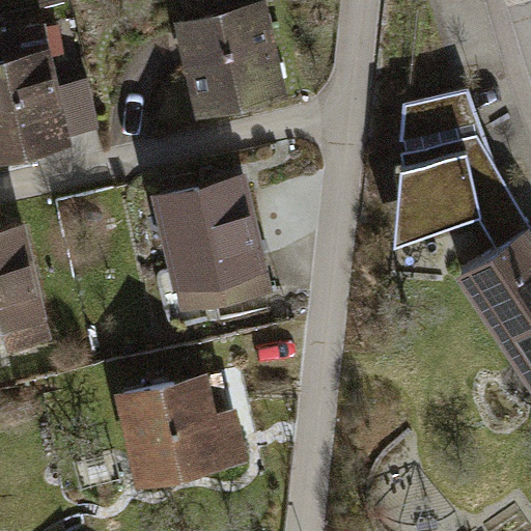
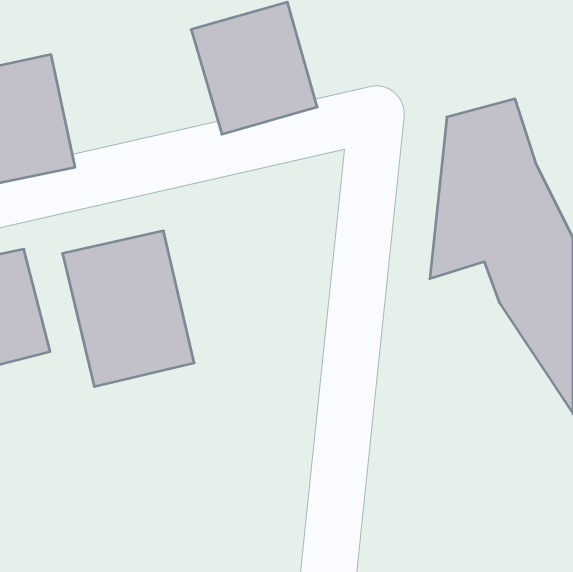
building: [153,174,274,316] -> [62,231,194,387]
building: [116,371,242,491] -> none

